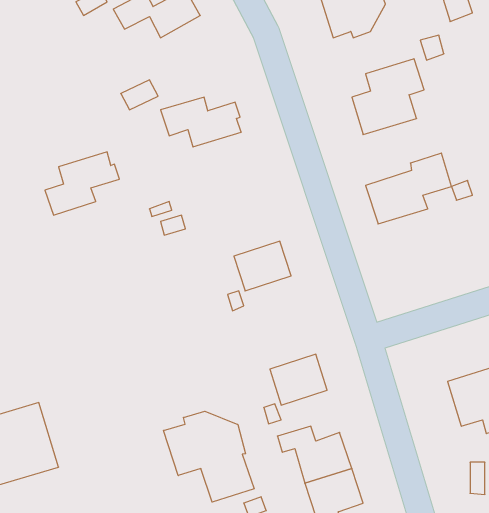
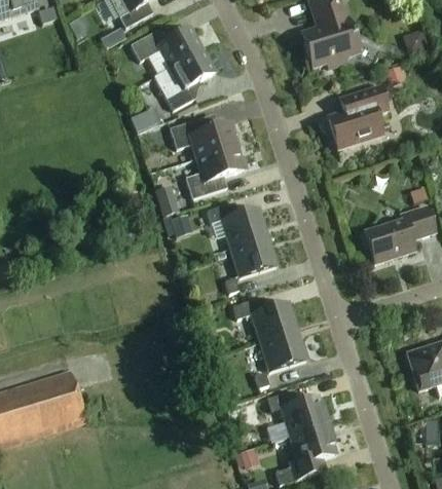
building: none -> [154,49,215,110]
building: [45,152,119,215] -> [185,146,247,198]
building: [366,153,451,224] -> [364,205,435,264]
building: none -> [207,201,268,249]
building: none -> [233,296,298,342]
building: [164,411,254,502] -> none

